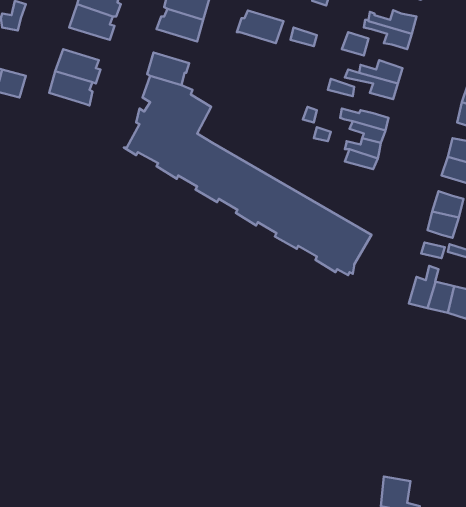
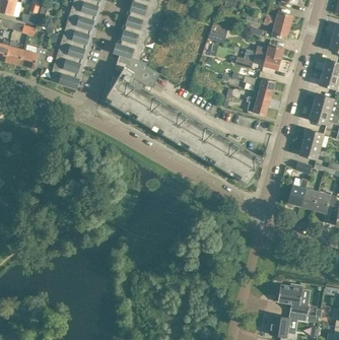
building: [237,10,284,43] -> [119,24,149,46]
building: none -> [62,22,90,45]
building: none -> [50,65,76,86]
building: none -> [276,283,309,314]

